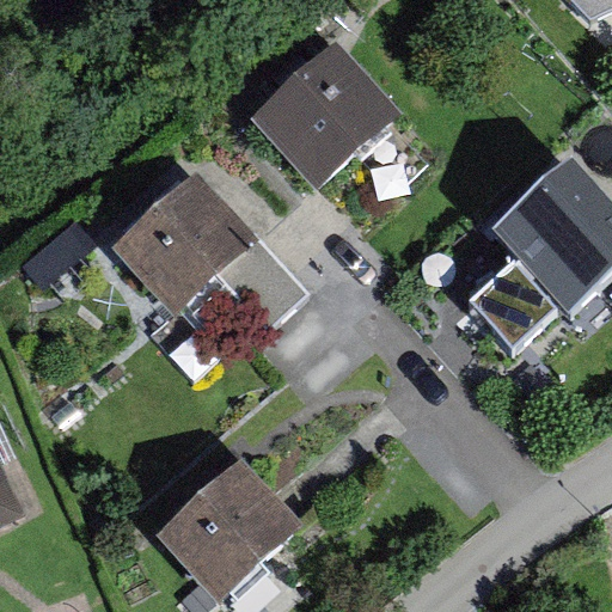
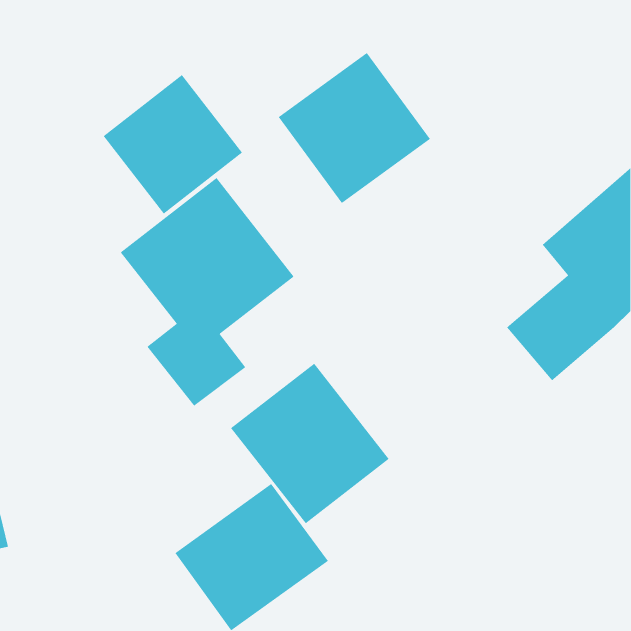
building: none -> [103,74,243,215]
building: none -> [230,363,389,524]

